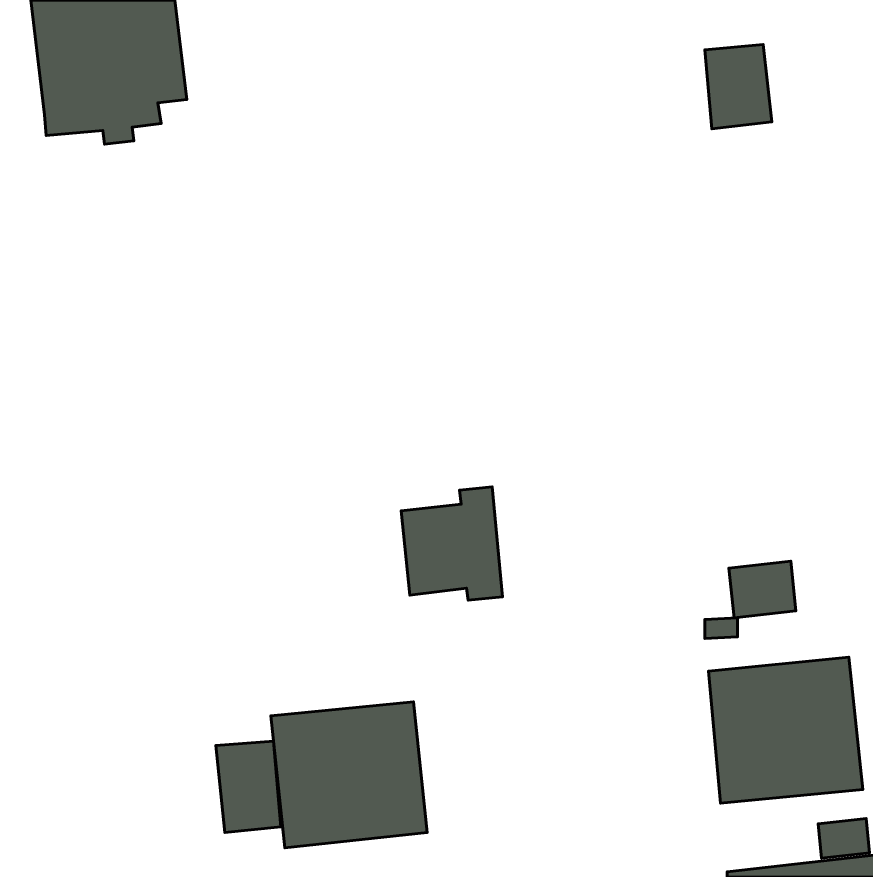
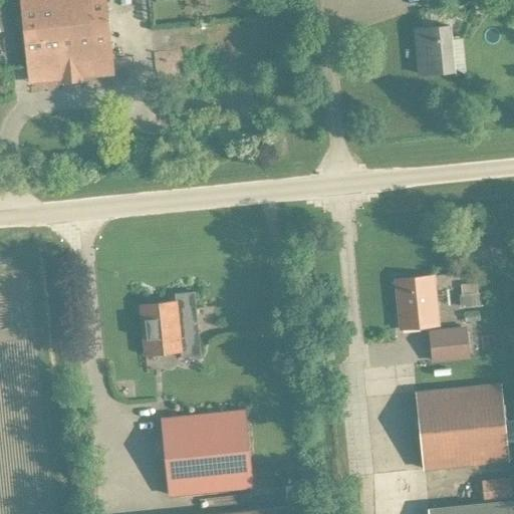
building: none -> [396,277,437,329]
building: [401,487,502,600] -> [140,292,199,358]
building: [216,741,281,833] -> none

